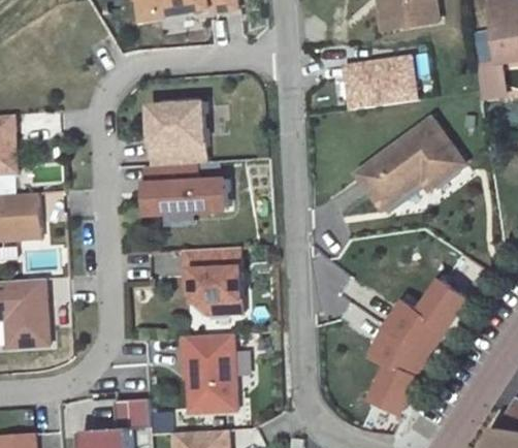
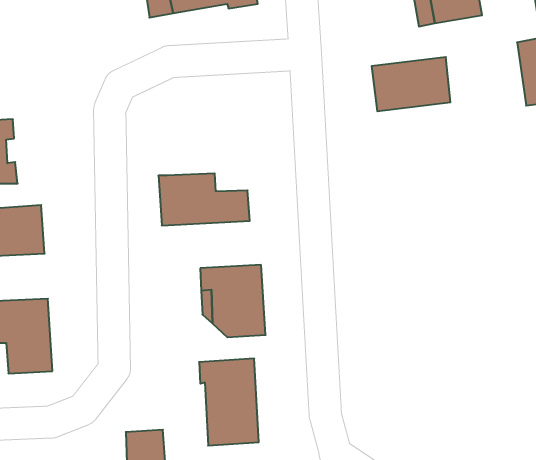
building: [150,103,207,167] -> none
building: [359,120,465,209] -> none
building: [365,282,458,412] -> none

